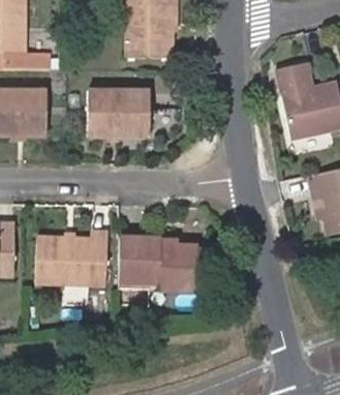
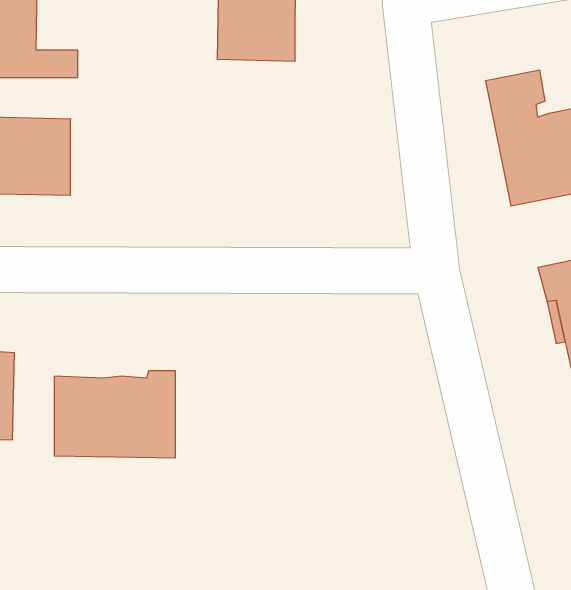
building: [86,91,149,135] -> none
building: [116,236,195,288] -> none

